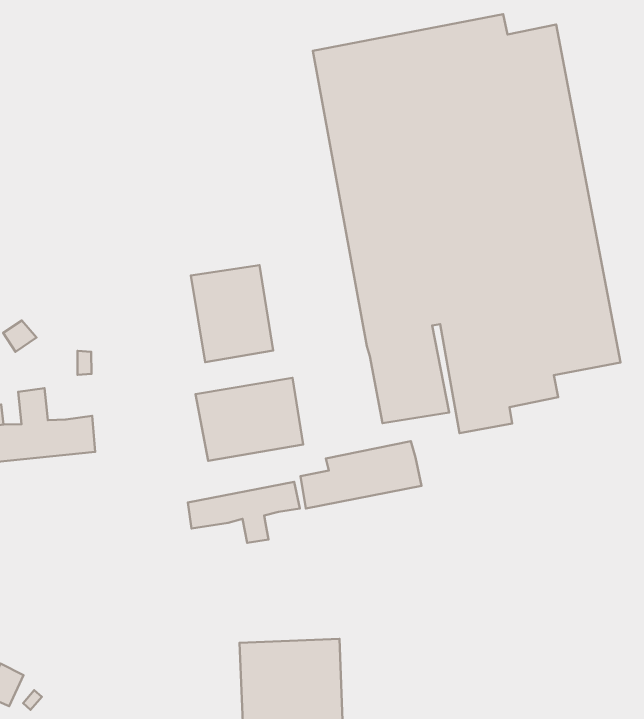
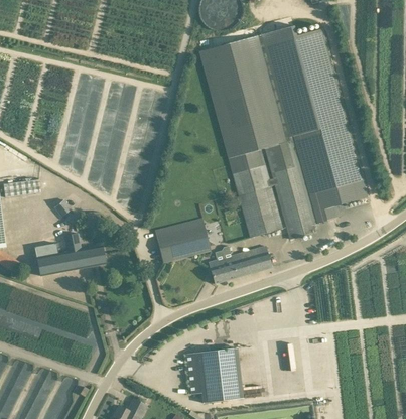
building: [191,265,273,362] -> none
building: [188,482,300,543] -> none

